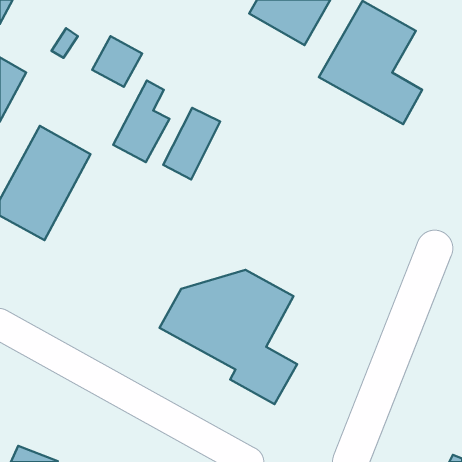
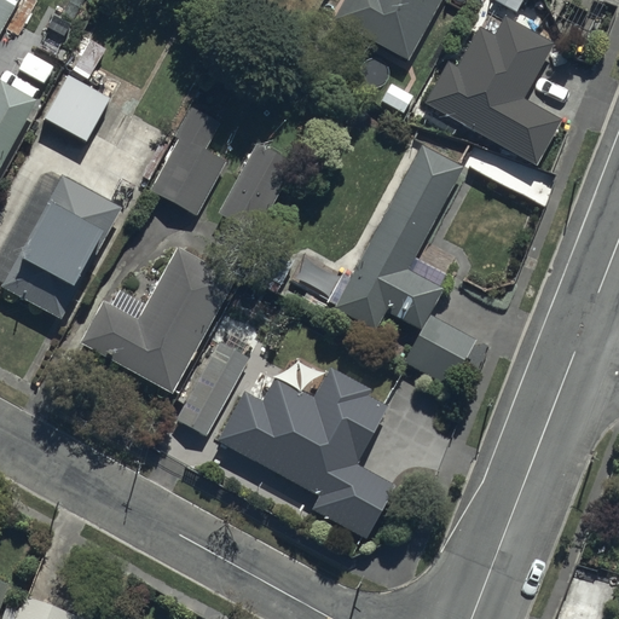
building: [92,36,142,87] -> [44,74,110,141]
building: none -> [330,143,478,389]
building: none -> [77,243,238,394]
building: none -> [173,336,251,436]

